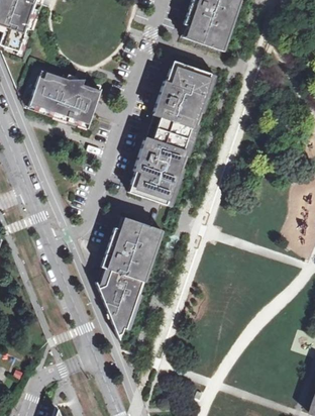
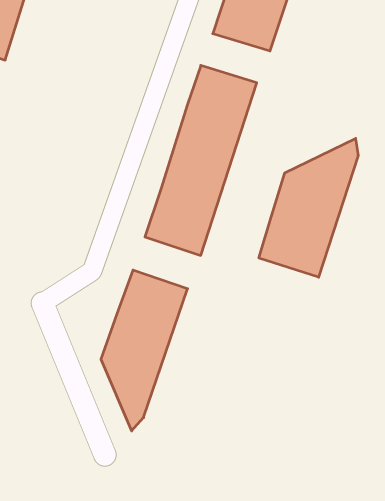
building: [25,64,101,129] -> none
building: none -> [259,138,358,277]

